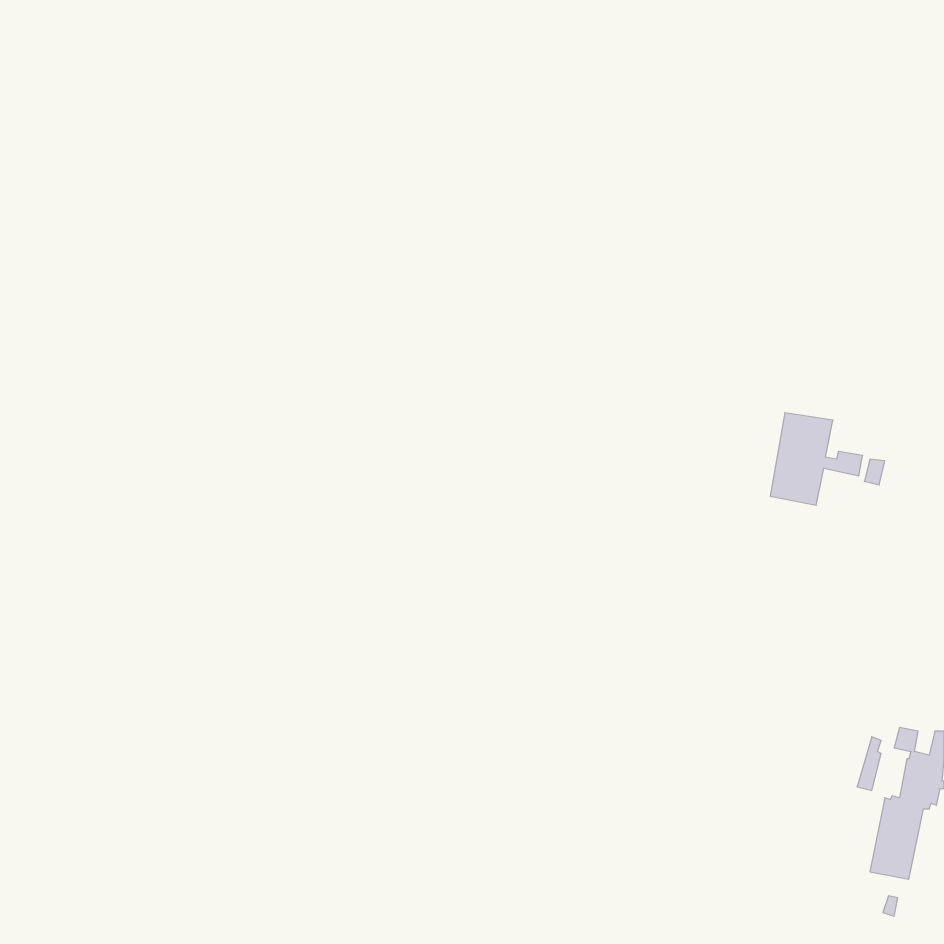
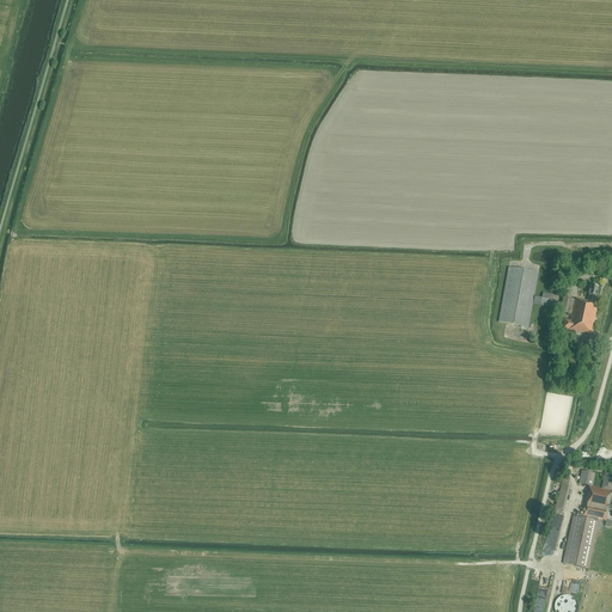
building: none -> [562,284,598,333]

